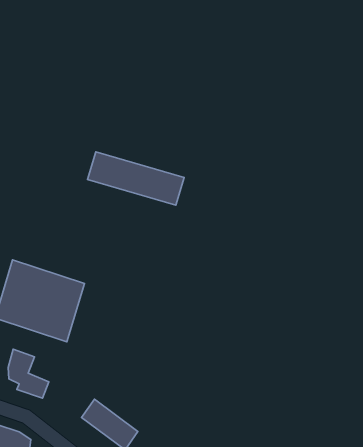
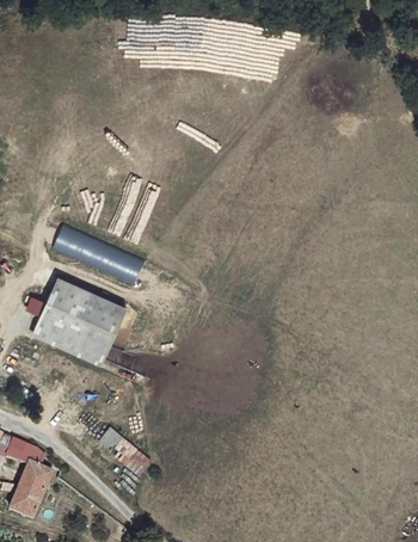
building: [88,152,184,205] -> [53,221,147,281]
building: [8,349,49,398] -> none

